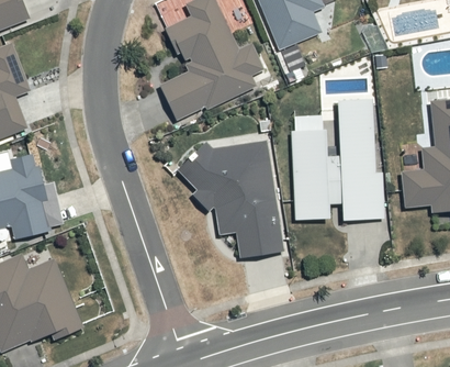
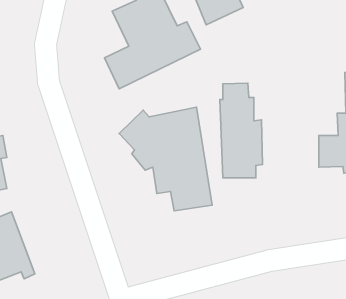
building: [340,98,384,219] -> none

